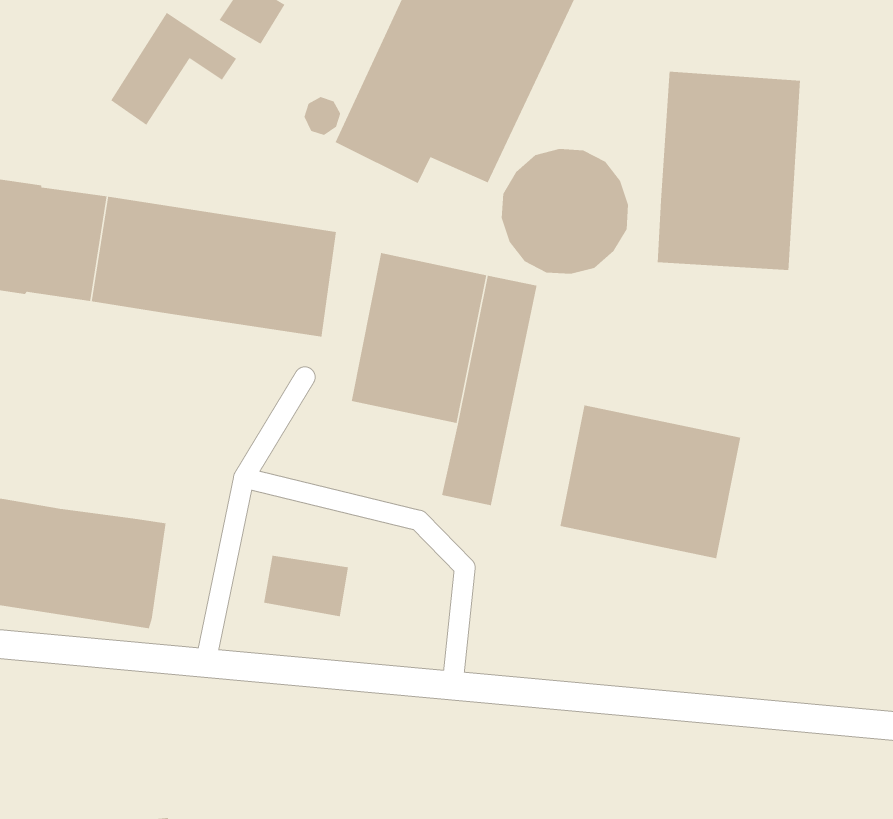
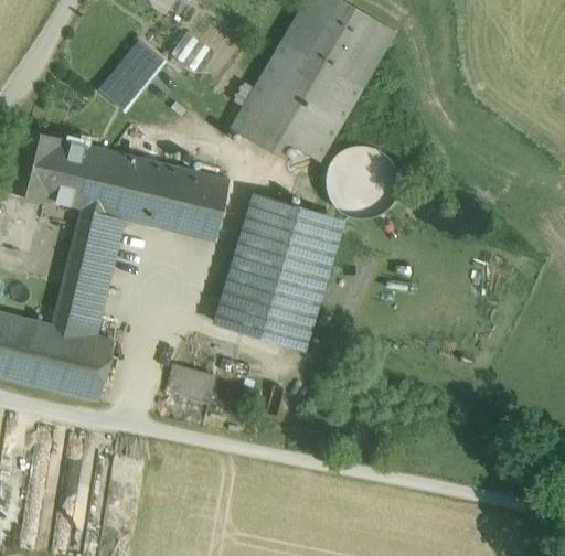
building: [657,71,801,271] -> none
building: none -> [53,207,125,335]
building: none -> [215,279,288,339]
building: [559,404,741,559] -> none

